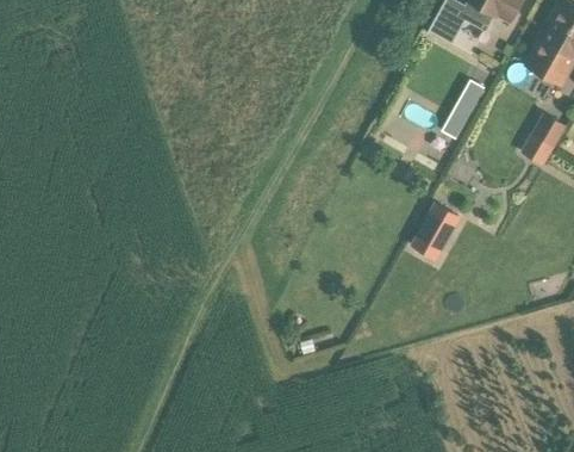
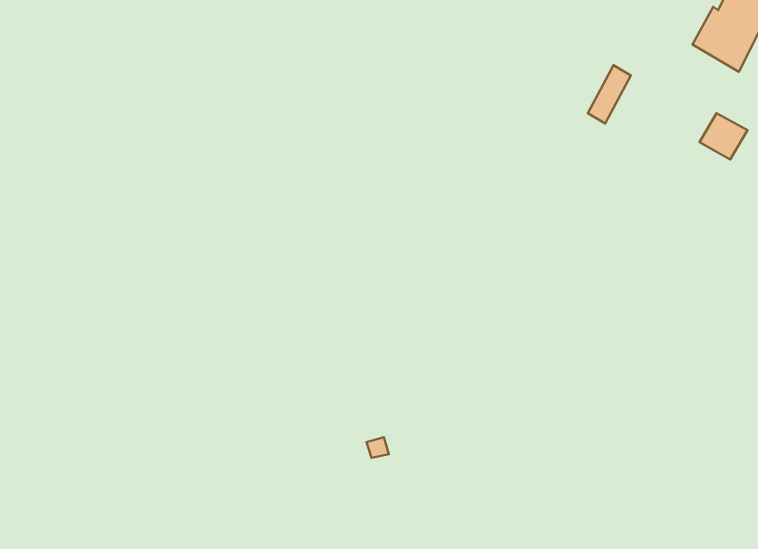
building: [410,203,458,261] -> none

